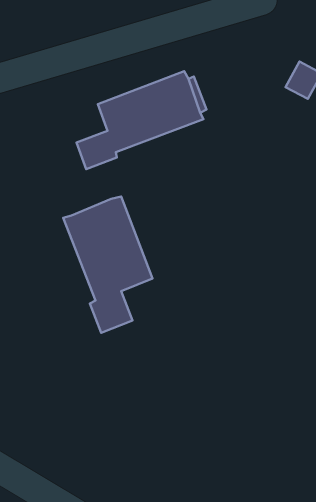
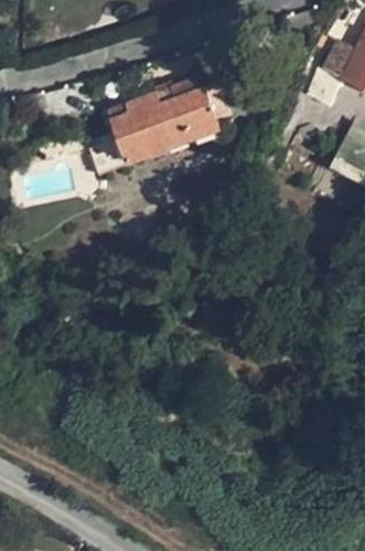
building: [63,196,153,333] -> none

